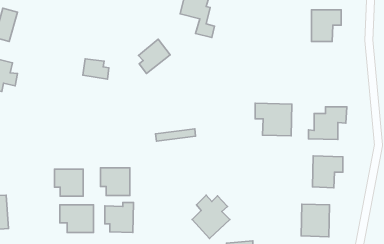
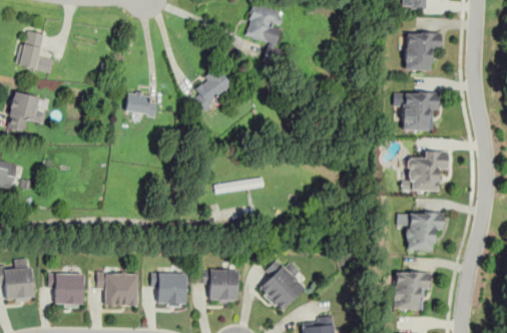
building: [255,103,292,136] -> [394,90,439,130]
building: [100,168,130,195] -> [203,268,239,302]
building: [54,169,83,196] -> [48,272,83,305]

